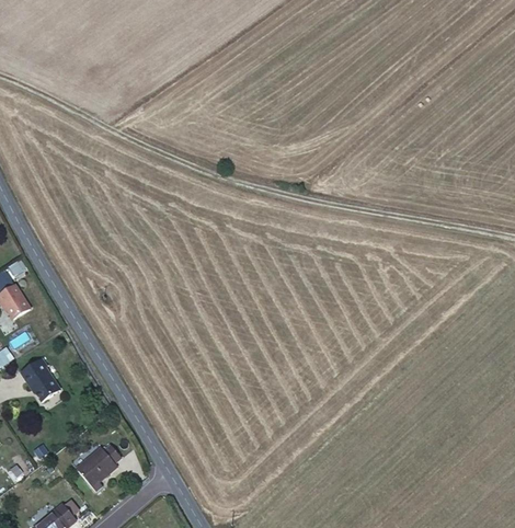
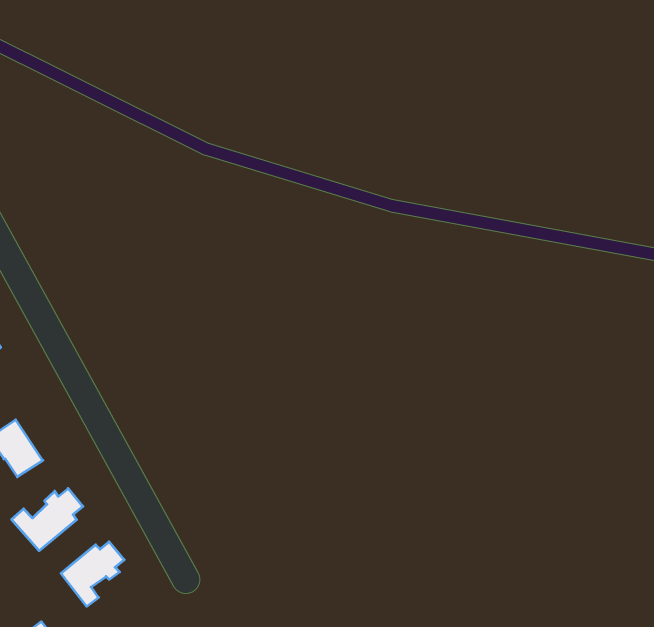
building: none -> [12,488,83,551]

